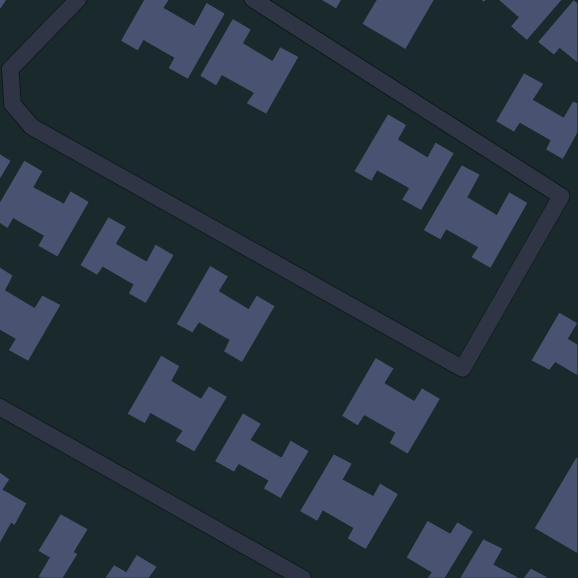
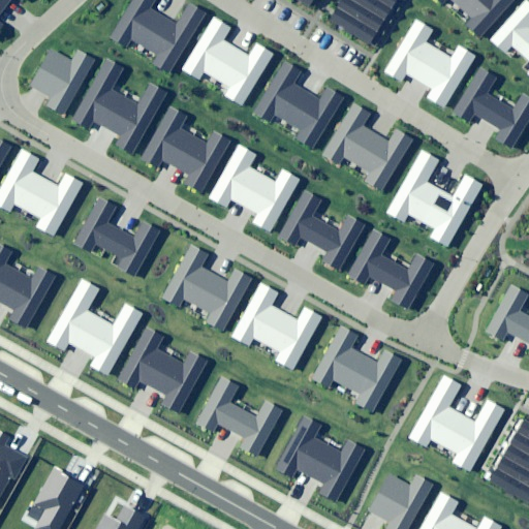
building: none -> [383,20,475,108]
building: none -> [31,49,95,114]
building: none -> [70,58,166,153]
building: none -> [252,60,344,148]
building: none -> [139,105,231,193]
building: none -> [207,143,299,231]
building: none -> [277,189,365,269]
building: none -> [346,229,433,309]
building: none -> [46,279,143,373]
building: none -> [230,280,321,369]
building: none -> [408,376,504,470]

